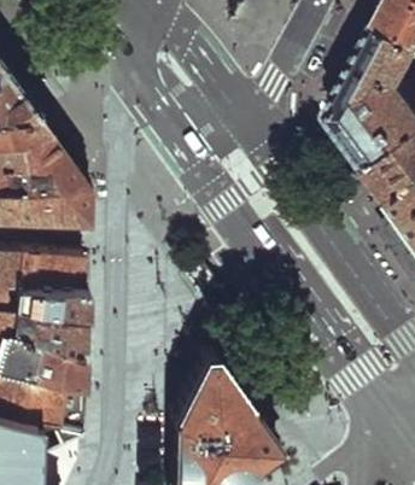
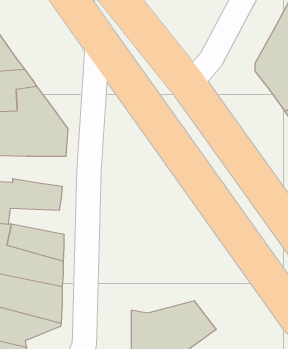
building: [13,290,86,323] -> none
building: [169,356,251,423] -> none

